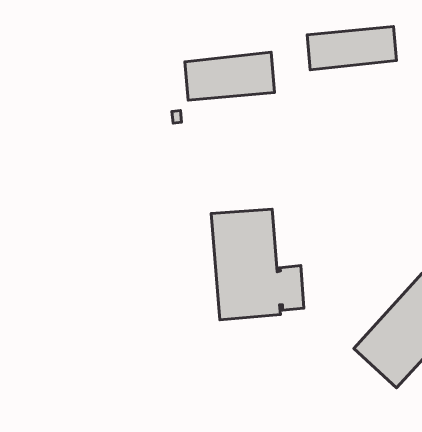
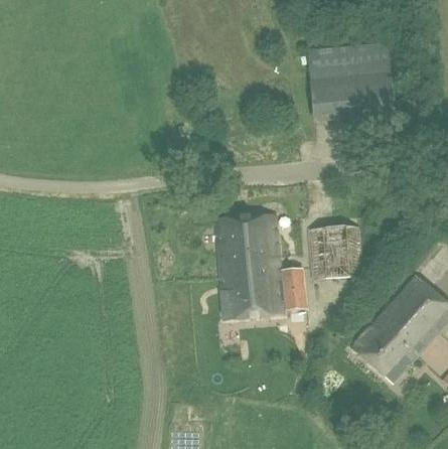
building: [185,52,274,100] -> [310,72,395,118]
building: none -> [310,227,361,279]

